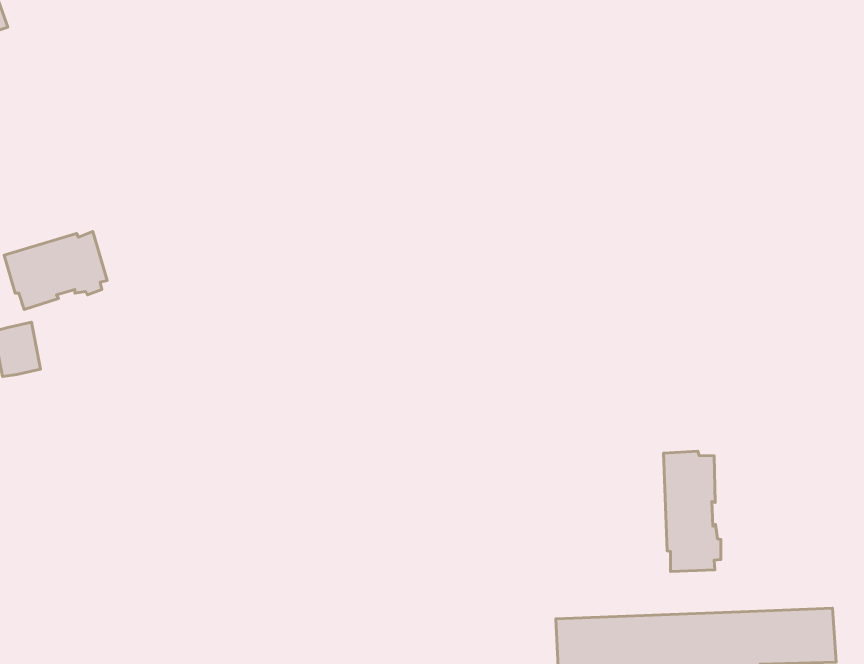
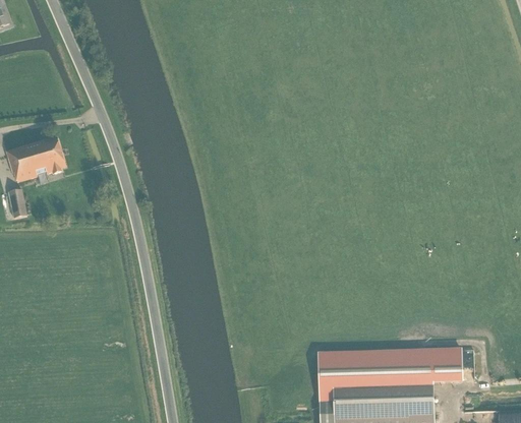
building: [663,451,721,571] -> none

